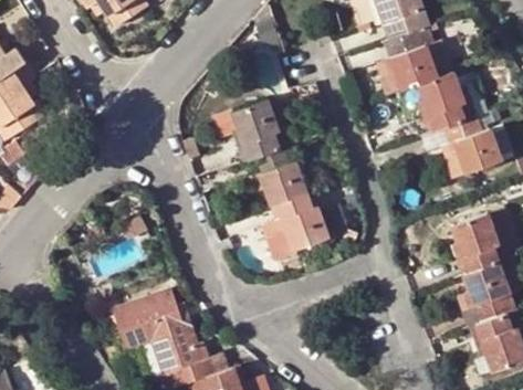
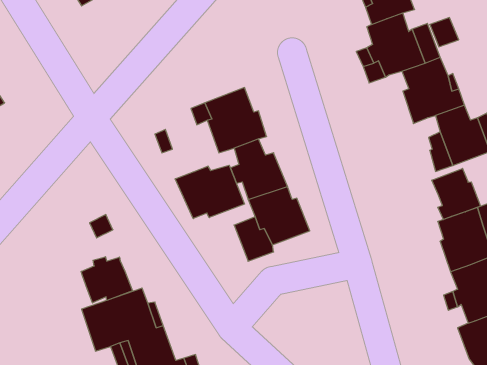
building: none -> [175,165,245,219]
building: none -> [432,168,481,220]
building: none -> [81,257,133,303]

